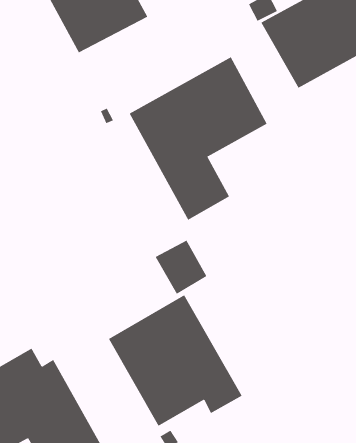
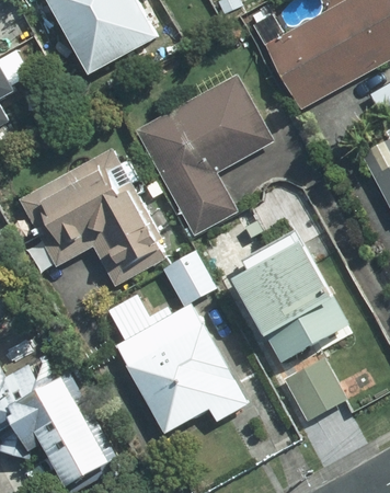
building: none -> [19,149,163,284]
building: none -> [238,243,349,360]
building: none -> [284,357,345,420]

